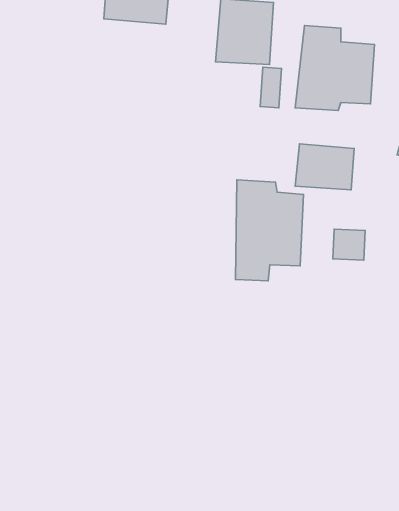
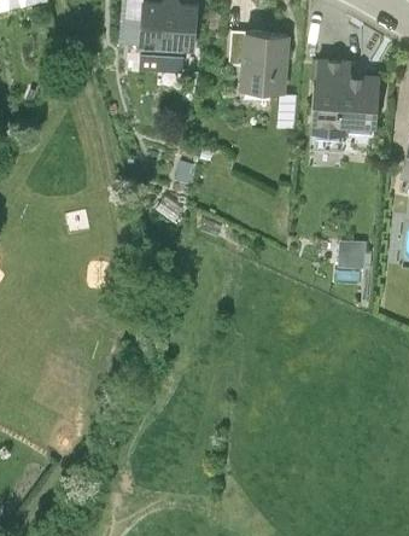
building: [295,144,354,190] -> none
building: [236,180,304,281] -> none

